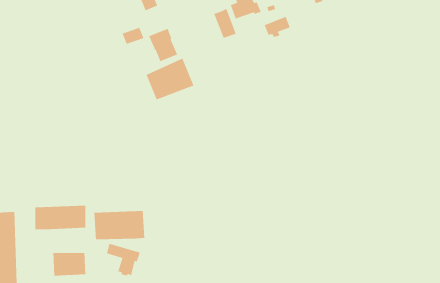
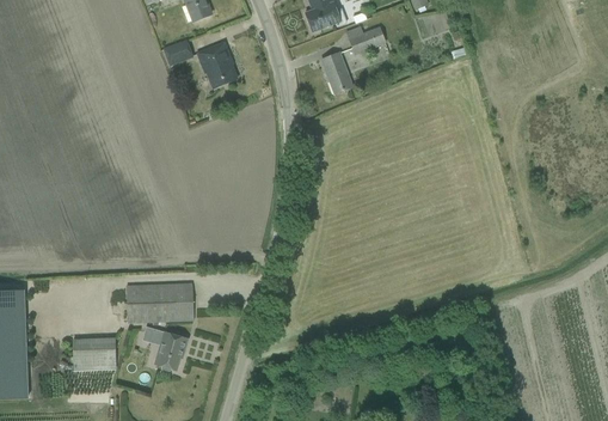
building: [213,8,237,39] -> [321,51,352,92]
building: [145,58,194,101] -> none
building: [35,205,86,230] -> none

